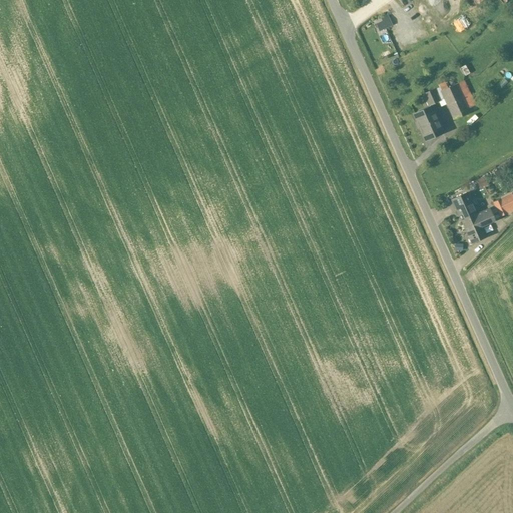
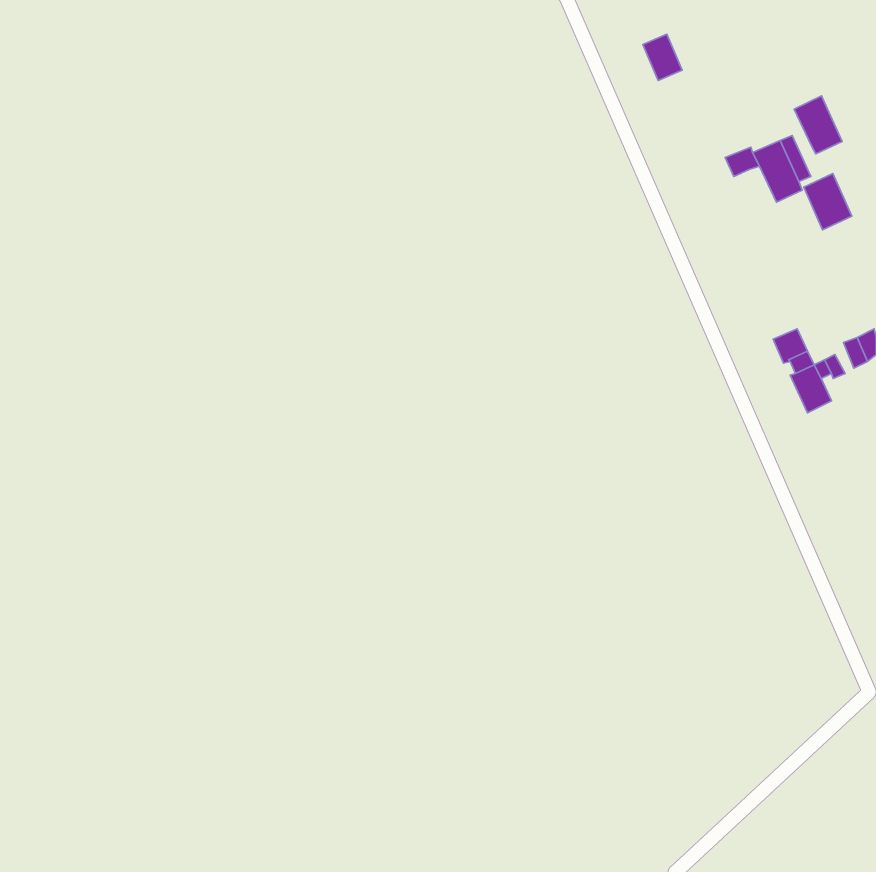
building: none -> [794,96,842,154]
building: [414,105,442,138] -> [804,173,852,230]

